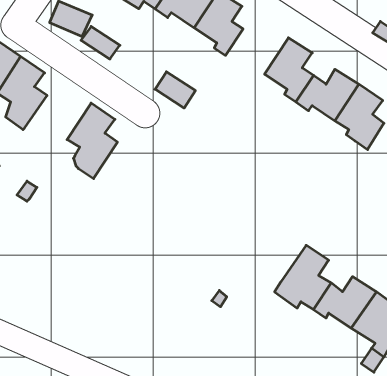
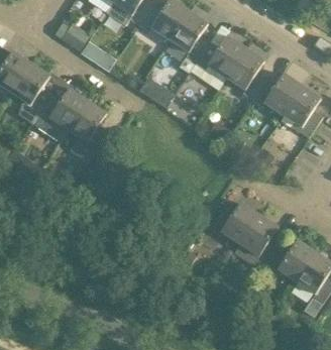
building: none -> [195,35,245,77]
building: none -> [33,88,87,140]
building: none -> [209,202,259,243]

